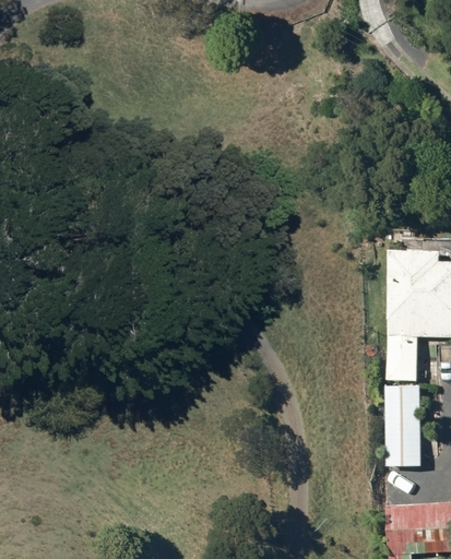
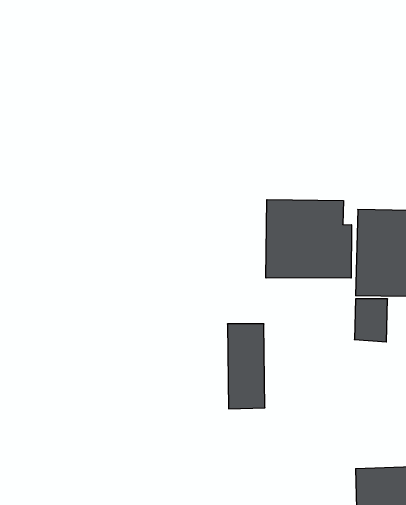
building: none -> [266,200,351,278]
building: [384,384,422,468] -> [227,324,265,409]

